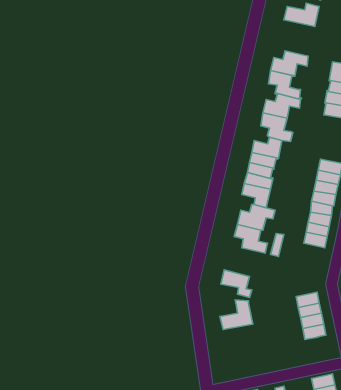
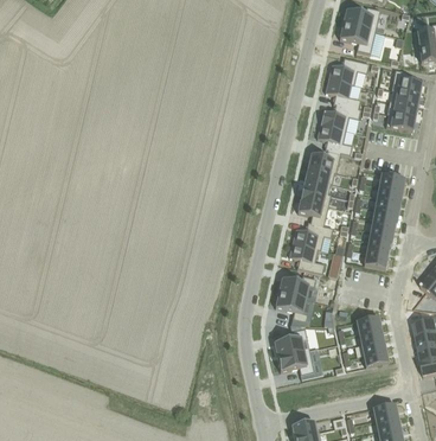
building: none -> [339,24,376,52]
building: none -> [278,275,316,299]
building: none -> [277,350,314,373]

